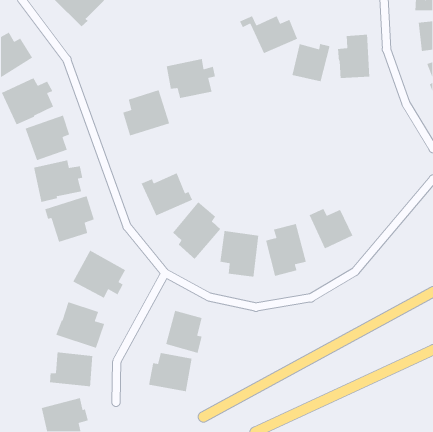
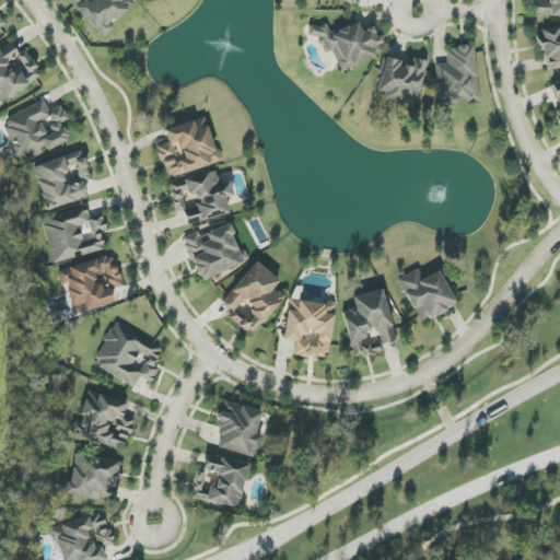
building: [166,58,216,99] -> [170,170,234,222]

